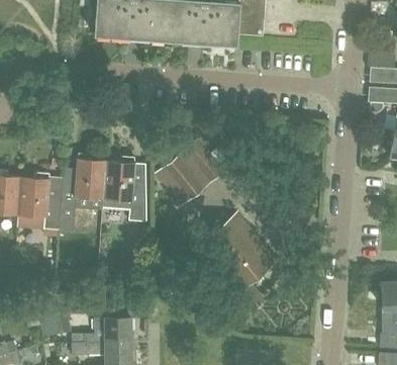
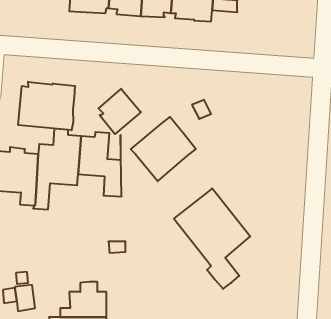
building: none -> [18,82,75,130]
building: none -> [99,89,141,134]

